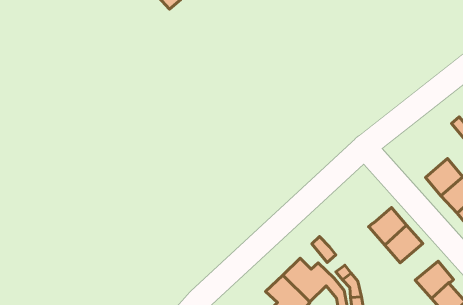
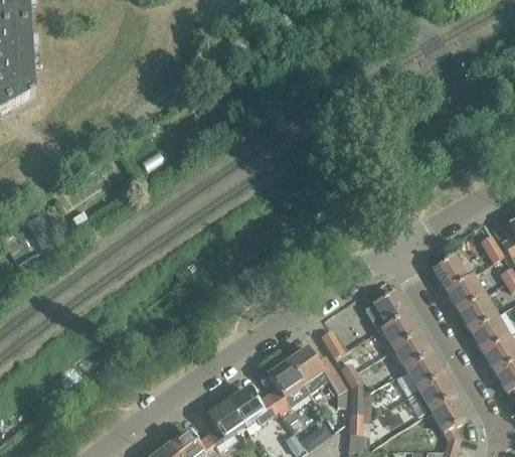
building: none -> [434,256,466,289]
building: none -> [364,291,406,331]
building: none -> [397,354,444,395]

